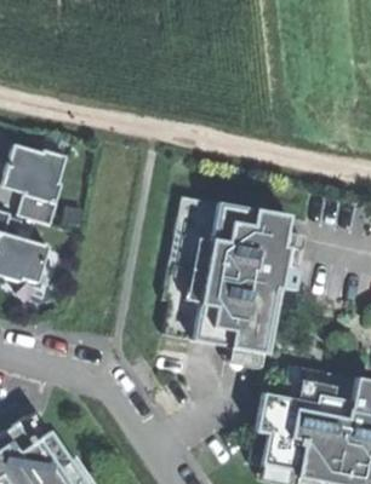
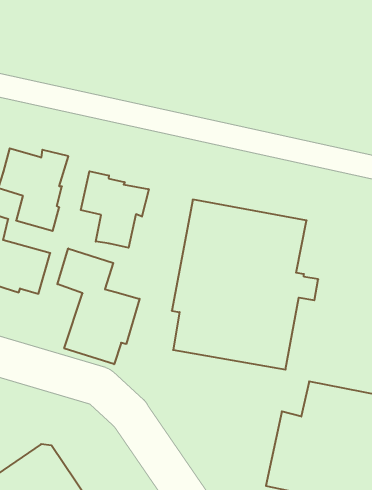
building: none -> [81,171,149,248]
building: none -> [57,248,140,364]

